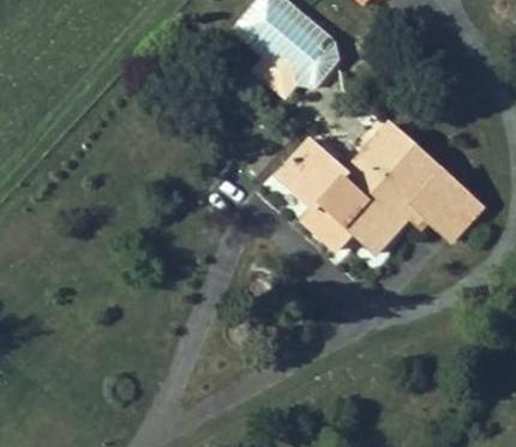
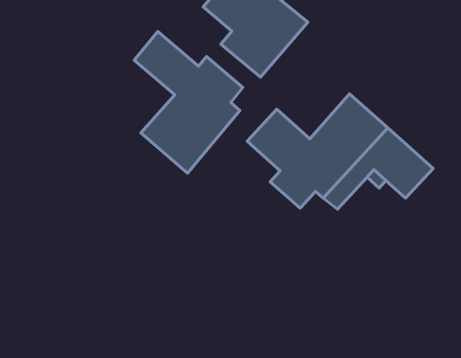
building: none -> [134,32,243,173]

